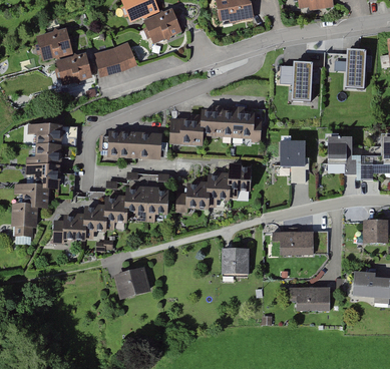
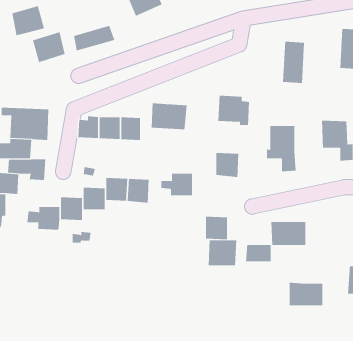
building: [202,112,232,137] -> none
building: [208,175,229,198] -> [205,216,228,240]
building: none -> [246,244,271,262]
building: [116,269,146,295] -> none

